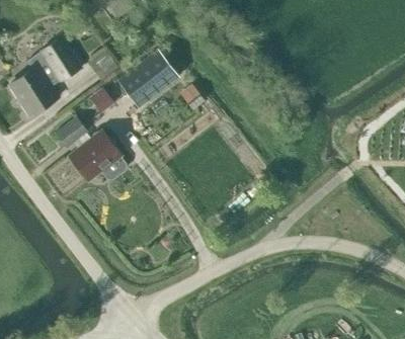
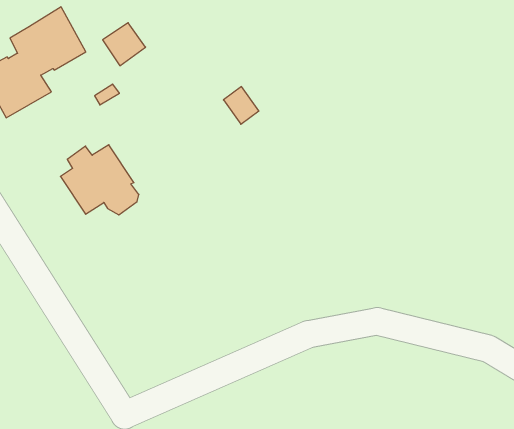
building: [118,51,178,108] -> none
building: [56,117,88,148] -> none

